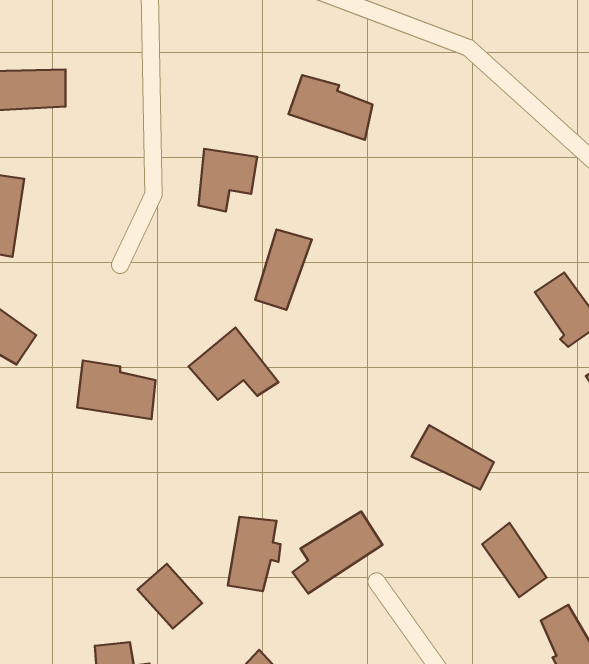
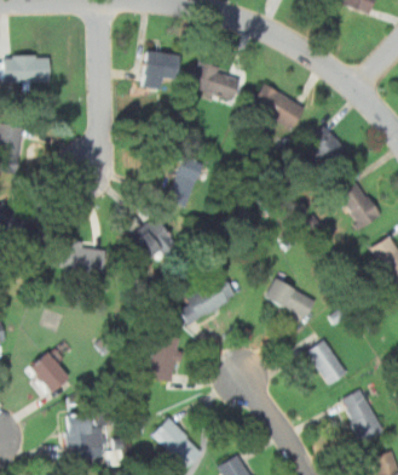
building: none -> [252,85,305,130]
building: [198,149,257,212] -> [143,52,179,91]
building: none -> [307,127,345,164]
building: [293,511,383,594] -> [180,274,236,325]
building: [138,564,202,628] -> [30,353,70,393]

